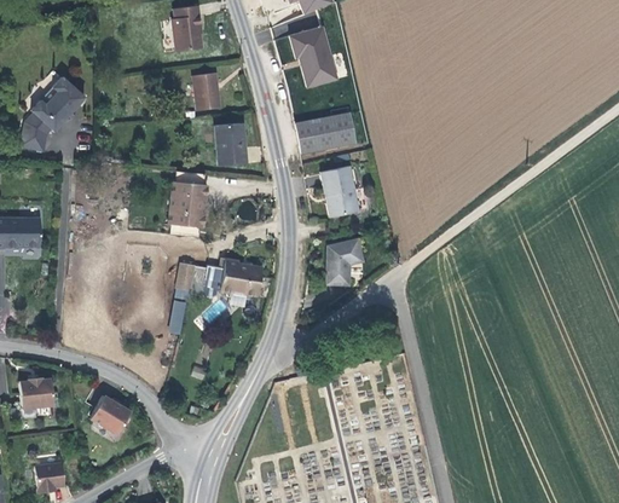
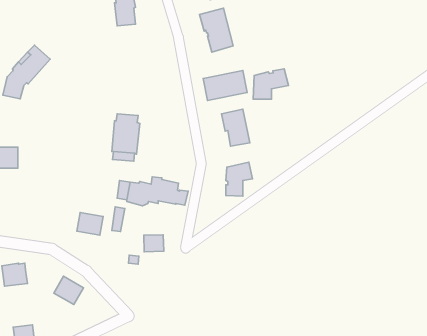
building: [192,73,220,110] -> none
building: none -> [253,69,288,99]
building: [214,122,247,167] -> none
building: none -> [77,213,103,235]
building: none -> [144,235,164,252]

